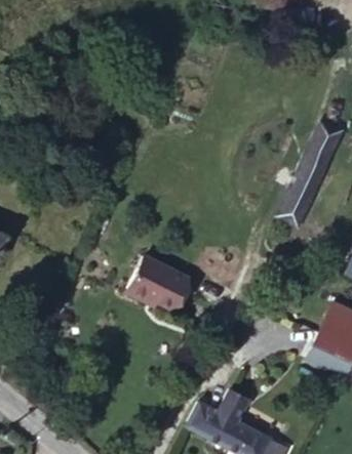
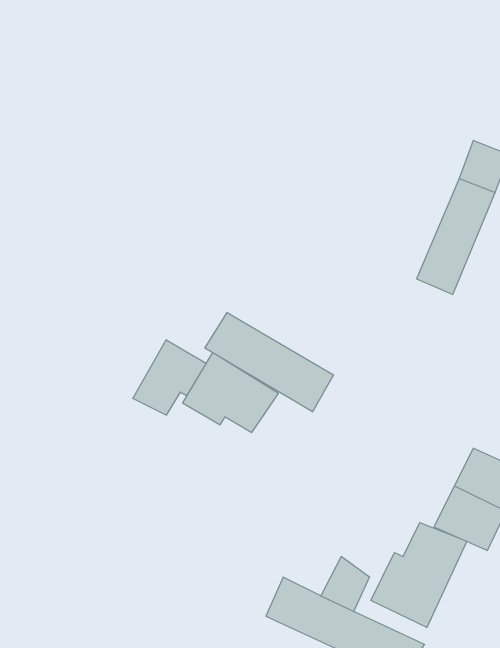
building: none -> [205,313,334,412]
building: none -> [133,340,206,415]
building: none -> [371,523,467,628]

